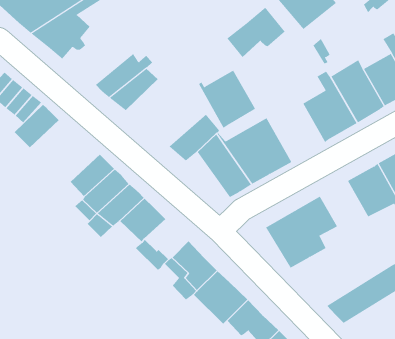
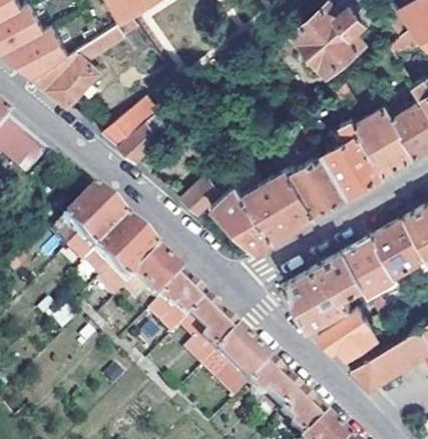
building: [226,7,286,58] -> none
building: [198,70,256,129] -> [289,154,351,217]
building: [14,104,60,148] -> [60,191,109,239]
building: none -> [346,238,399,297]
building: none -> [157,279,204,322]
building: none -> [314,311,378,358]

